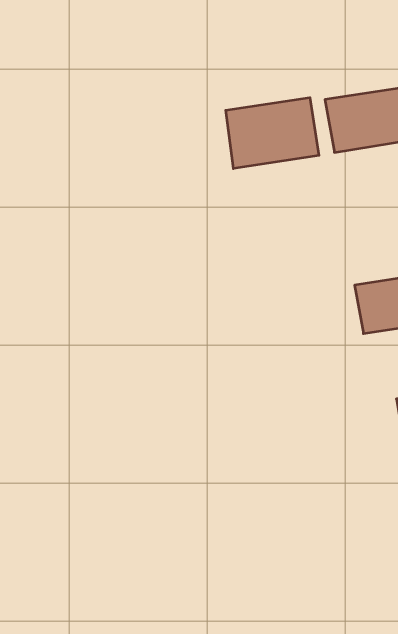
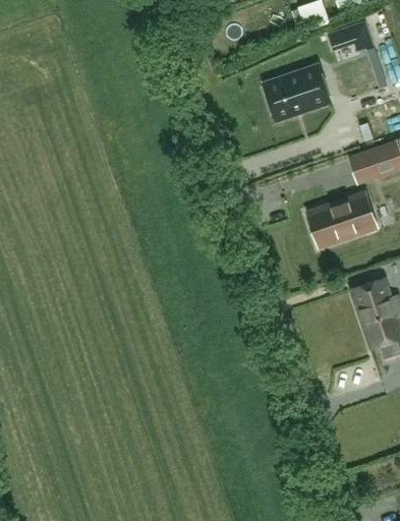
building: [226,98,319,169] -> none

